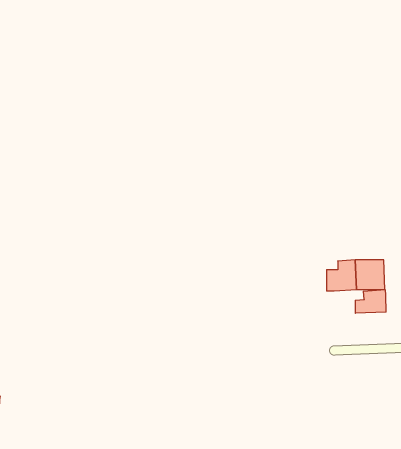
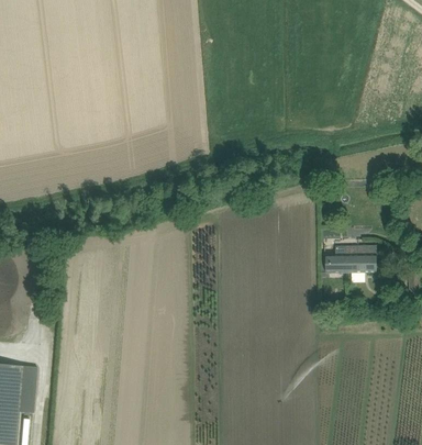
building: [355,290,386,313] -> none

